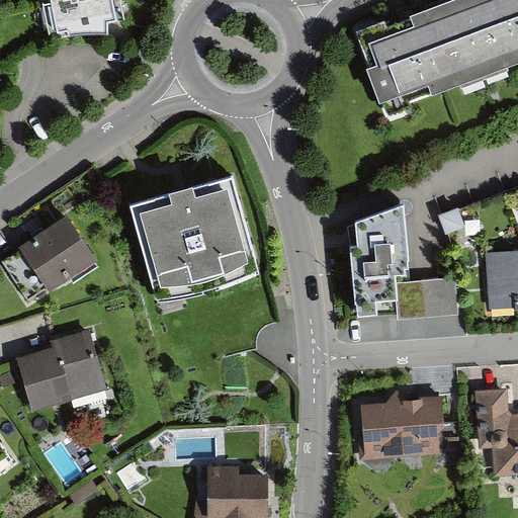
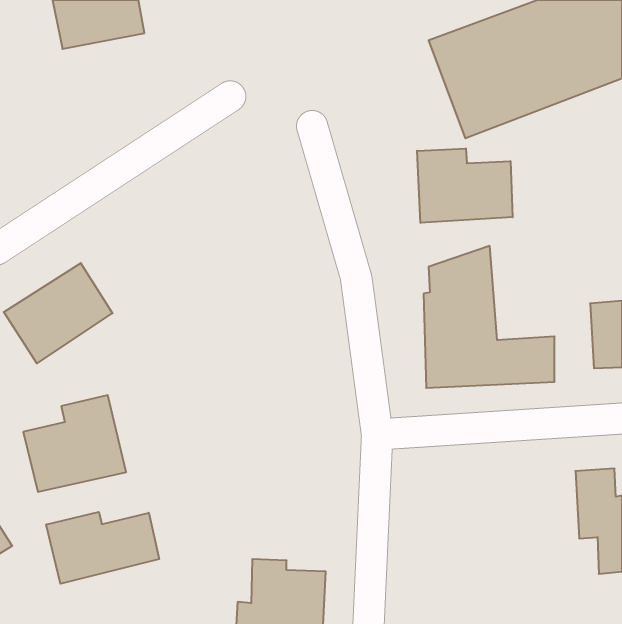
building: none -> [417,148,513,223]
building: [133,176,257,295] -> none
building: [355,388,442,460] -> none
building: none -> [46,512,159,584]

